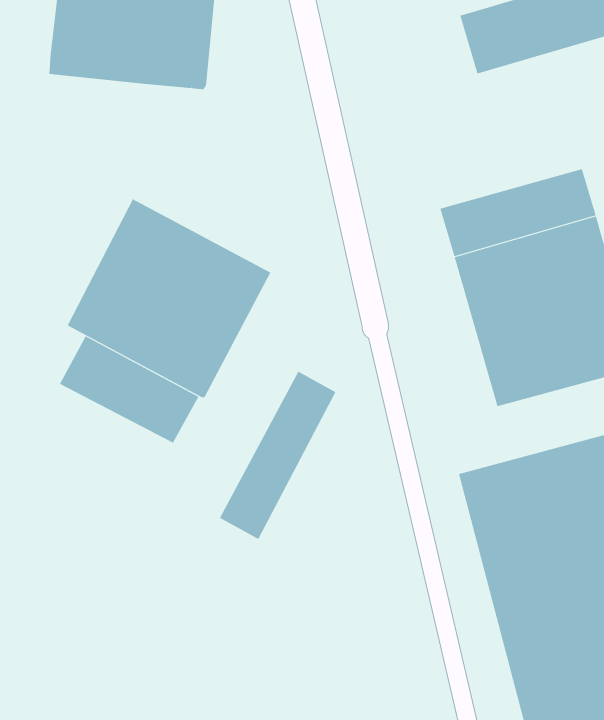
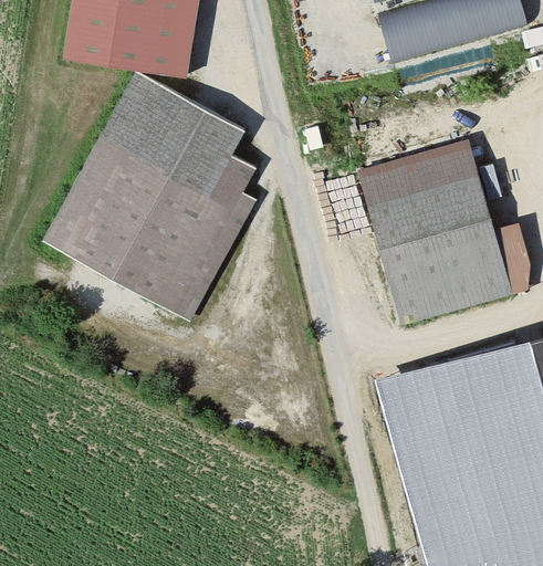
building: none -> [43,73,258,259]
building: [59,336,199,444] -> none
building: [219,371,336,540] -> none

